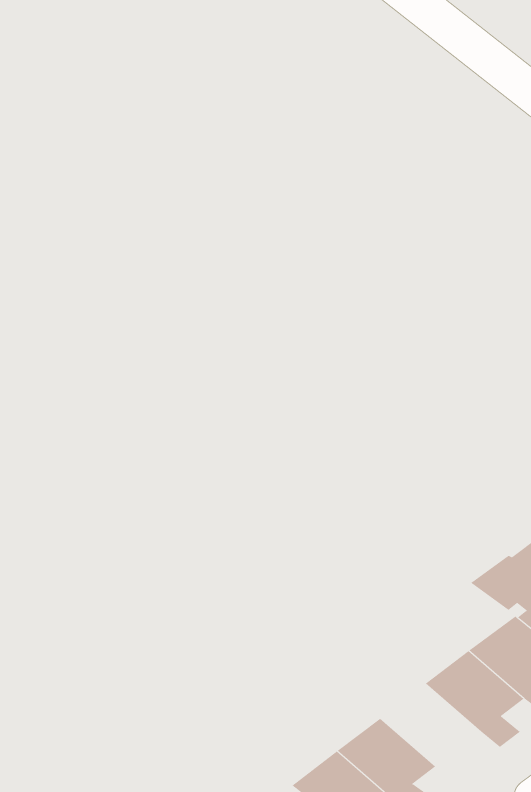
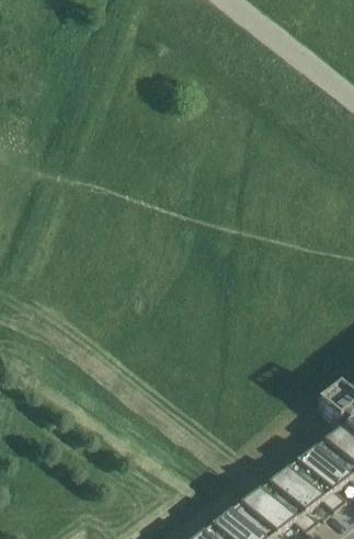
building: none -> [256,469,320,531]

